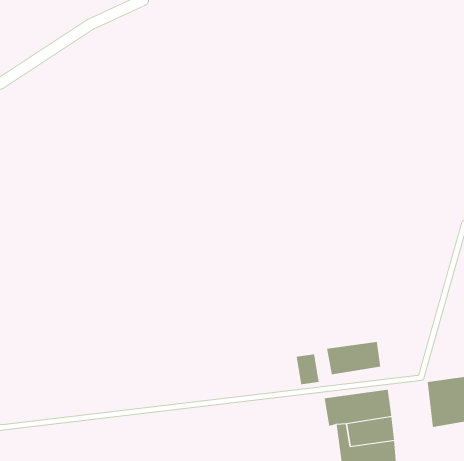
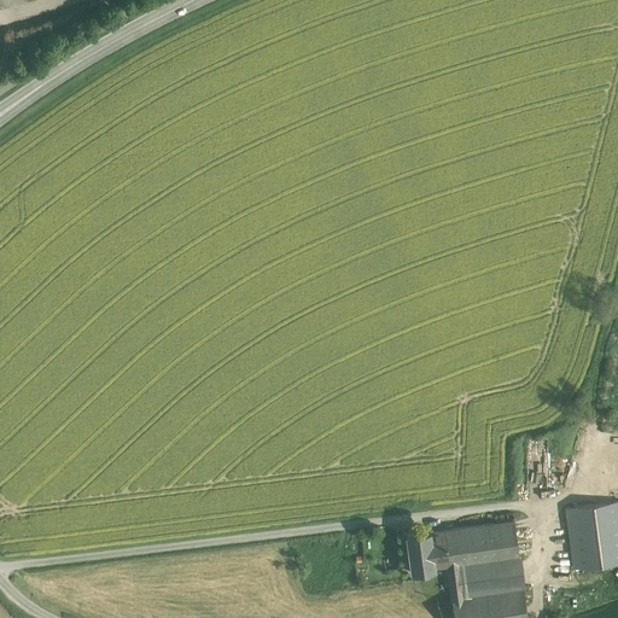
building: [327,341,381,375] -> none
building: [296,354,319,385] -> [406,534,437,575]

